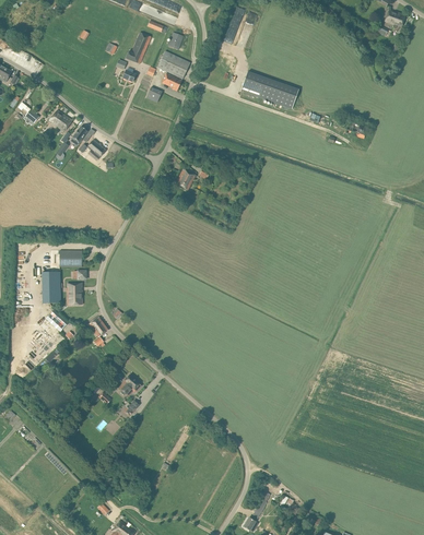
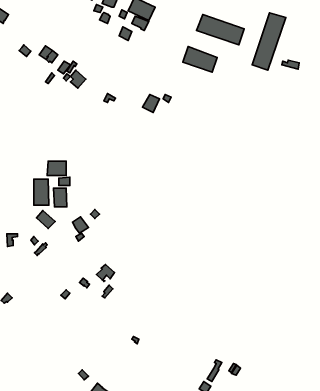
building: none -> [252,13,286,70]
building: none -> [183,47,217,72]

